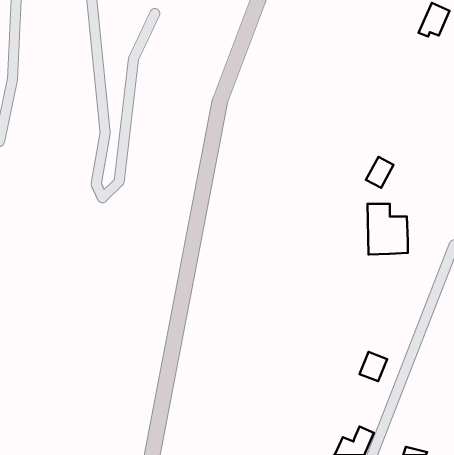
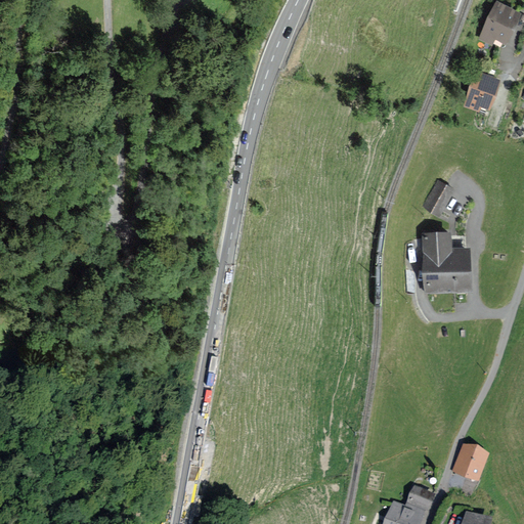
building: none -> [464,74,496,111]
building: [359,352,387,381] -> [454,445,486,479]

